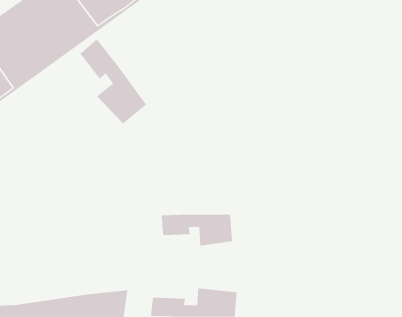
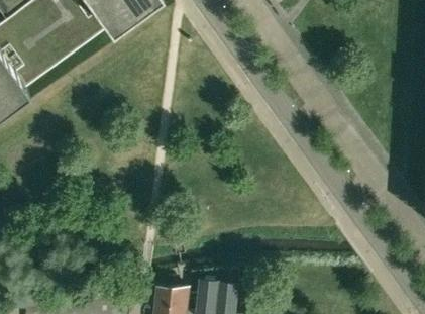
building: [79,38,147,125] -> none
building: [161,214,232,246] -> none

